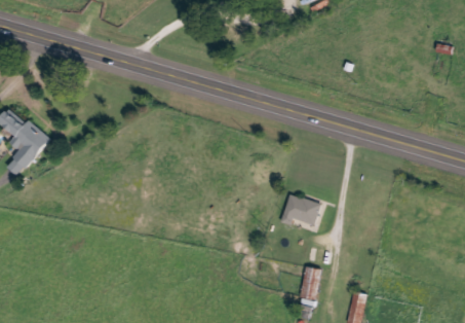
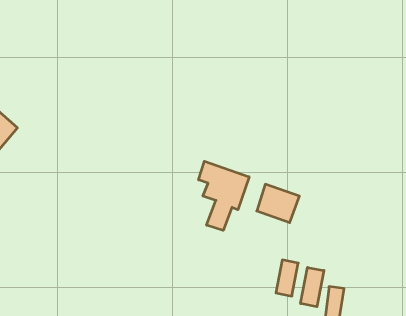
building: none -> [199,161,249,230]
building: none -> [301,267,324,307]

